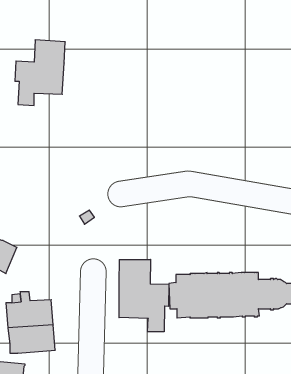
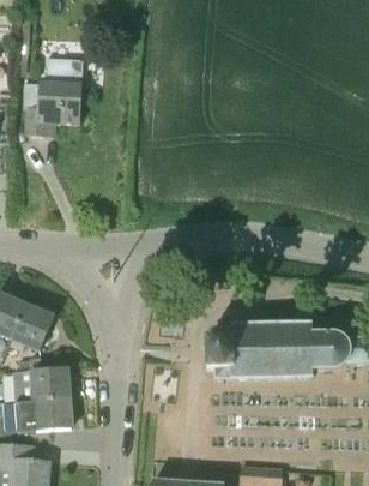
building: none -> [12,305,54,349]
building: [119,259,169,332] -> none

